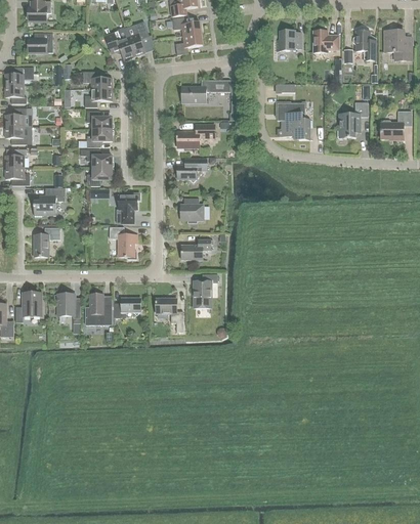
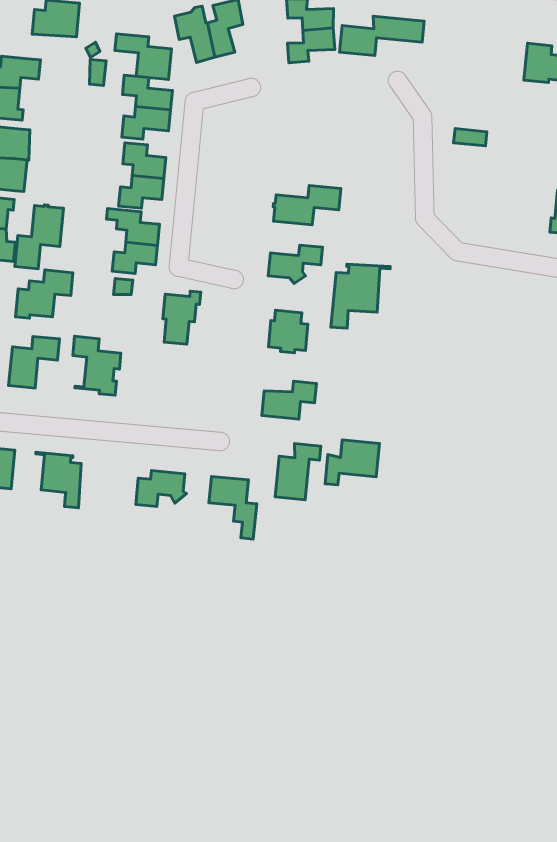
building: [277,30,301,49] -> none
building: none -> [115,34,171,79]
building: [183,79,230,101] -> [340,16,424,55]
building: [277,101,312,138] -> none
building: none -> [15,205,63,269]
building: none -> [331,264,390,328]
building: [110,226,137,258] -> [73,336,121,395]
building: none -> [325,440,379,485]
building: [85,293,112,323] -> none

